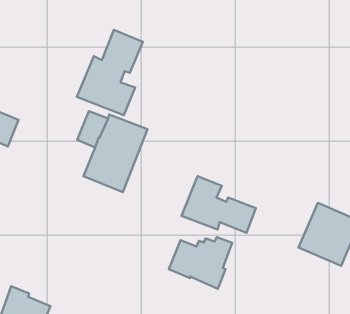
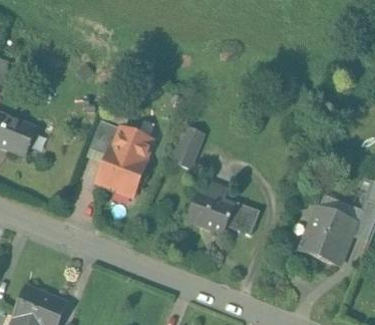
building: [77,30,143,115] -> none
building: none -> [167,124,202,168]
building: [169,237,232,289] -> none

